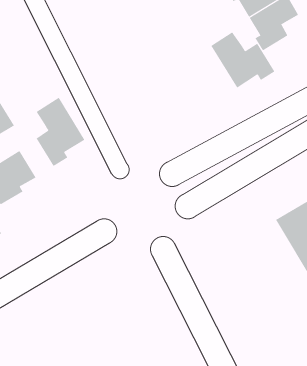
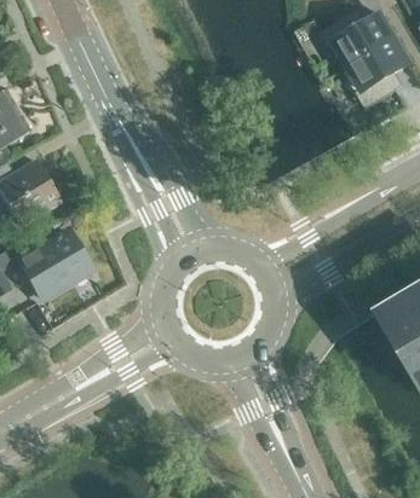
building: [210,32,275,89] -> none
building: [36,97,85,167] -> none

